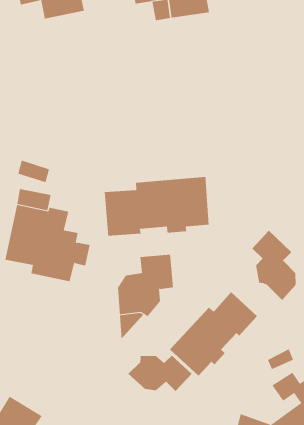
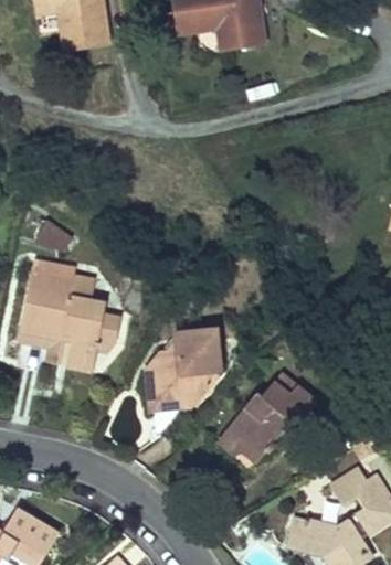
building: [104,176,209,237] -> none
building: [252,230,296,301] -> none
building: [128,355,192,392] -> none

